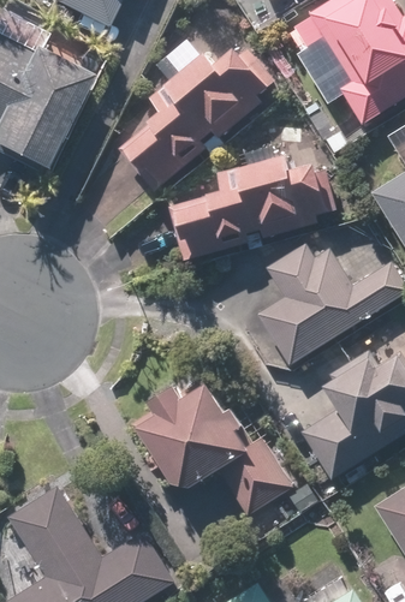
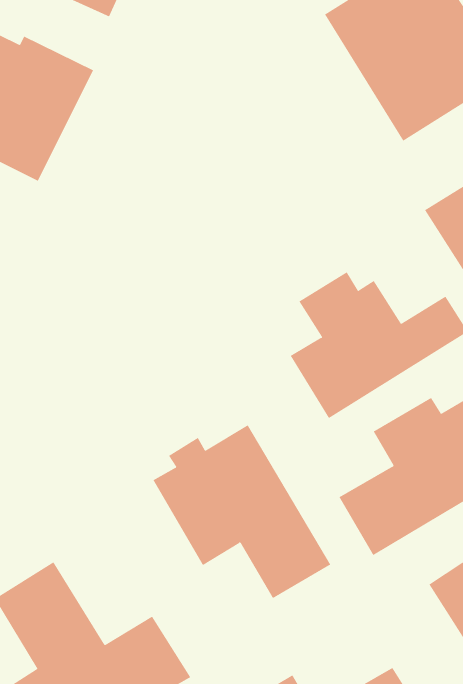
building: [117,32,279,193] -> none
building: [168,149,338,260] -> none

